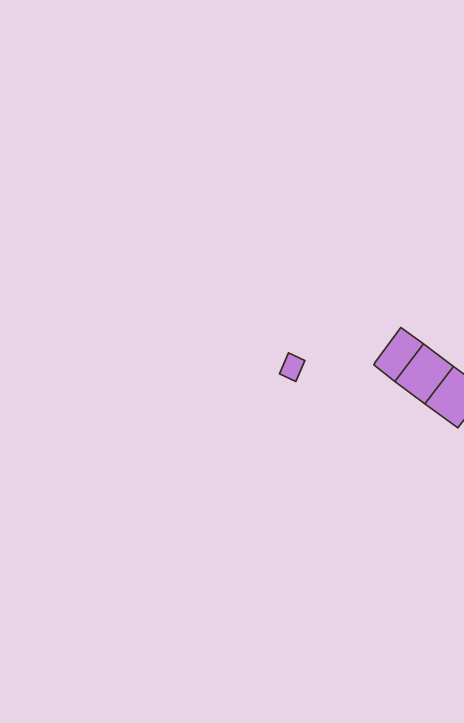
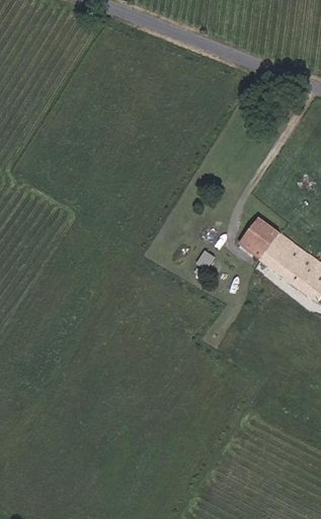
building: none -> [238,218,277,257]

